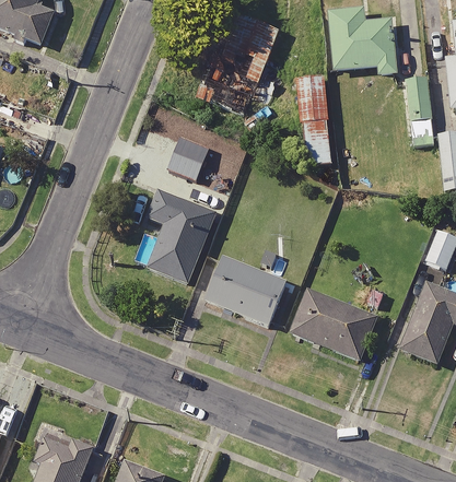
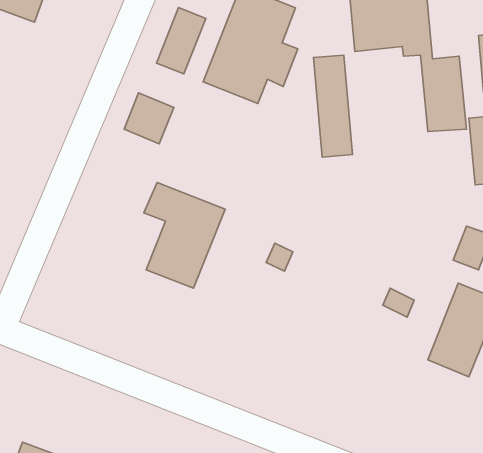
building: none -> [157,8,206,74]
building: [166,137,211,183] -> [124,93,174,144]
building: [187,255,288,329] -> none
building: [289,290,378,363] -> none

